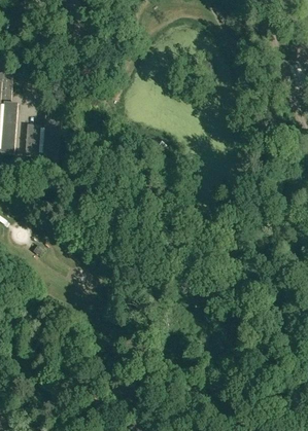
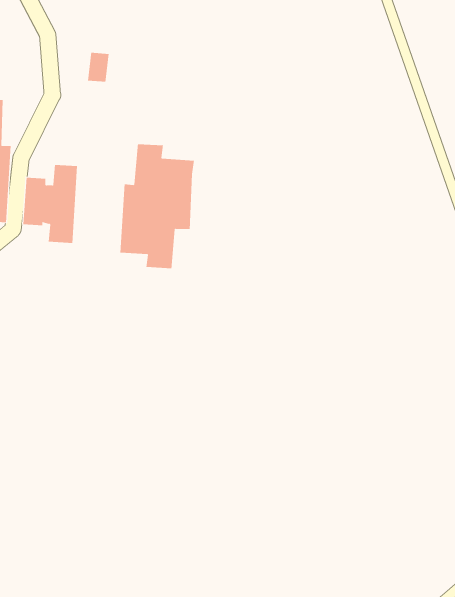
building: none -> [120,143,194,269]

